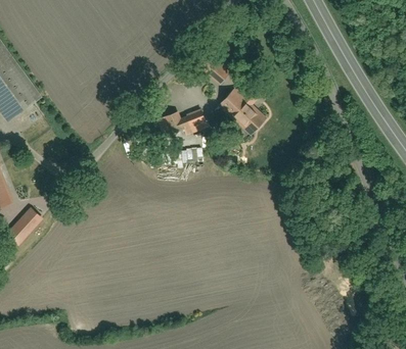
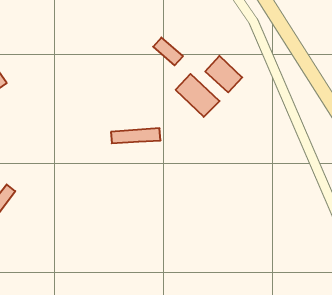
building: none -> [205,56,242,92]
building: [161,113,205,135] -> none

